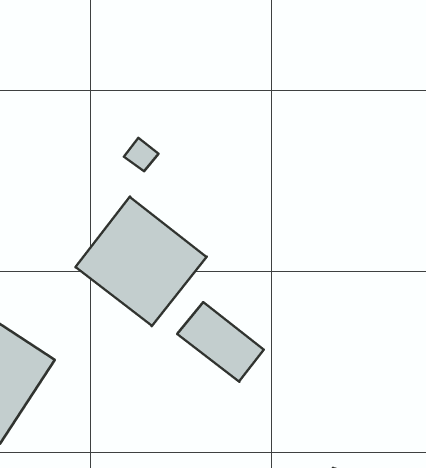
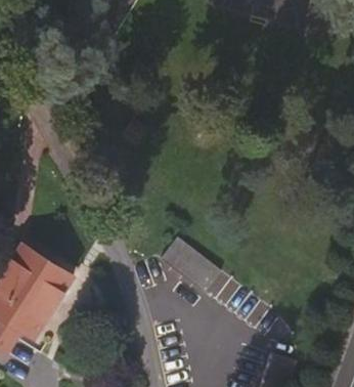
building: [76,197,207,326] -> none

